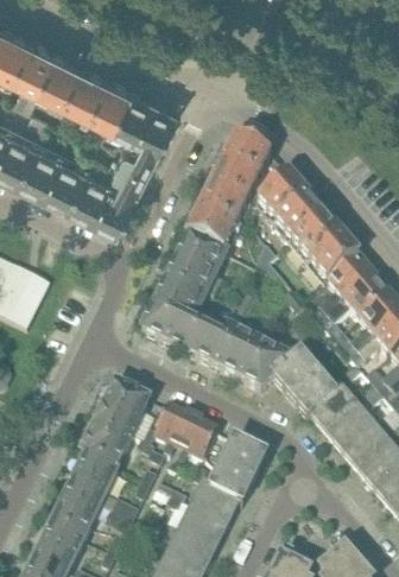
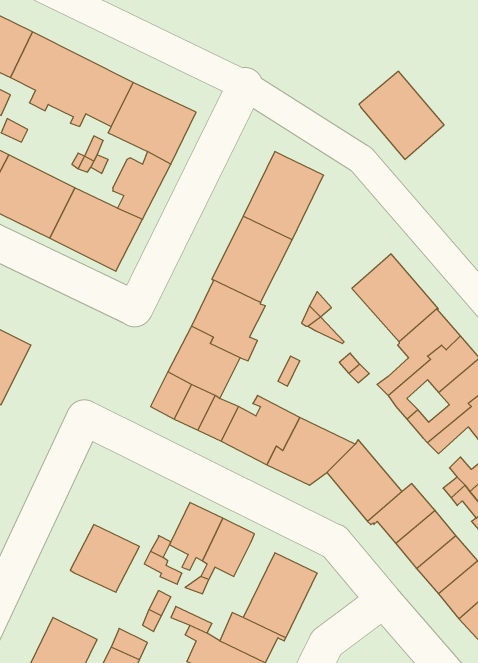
building: [258,172,322,239] -> [359,71,444,159]
building: [97,381,148,433] -> none
building: [66,454,118,503] -> none

